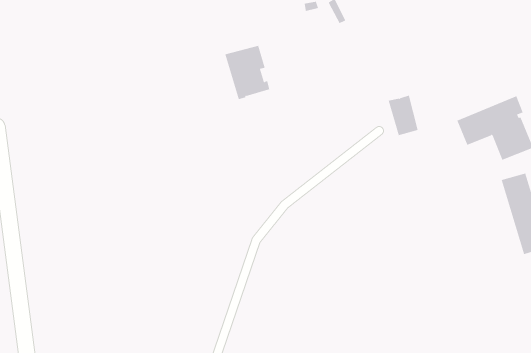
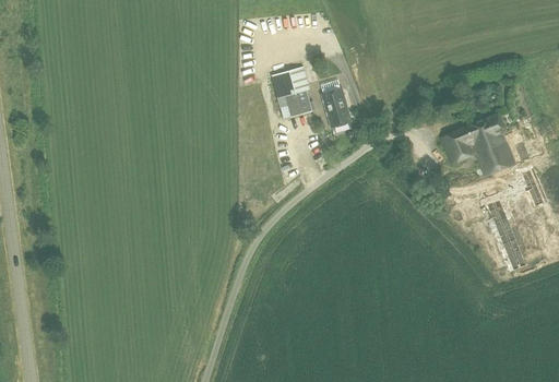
building: [225,45,270,100] -> [271,68,314,120]
building: [388,95,419,136] -> [321,89,350,129]

